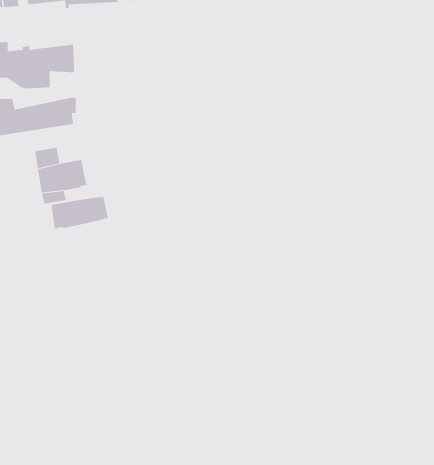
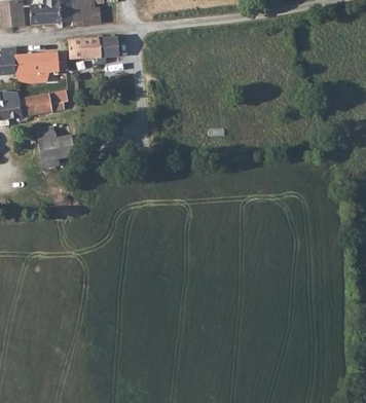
building: none -> [67,33,127,64]
building: [51,196,108,229] -> none

